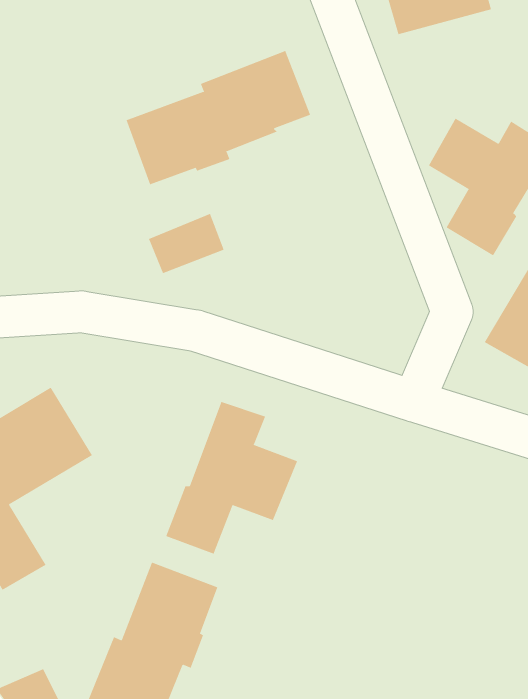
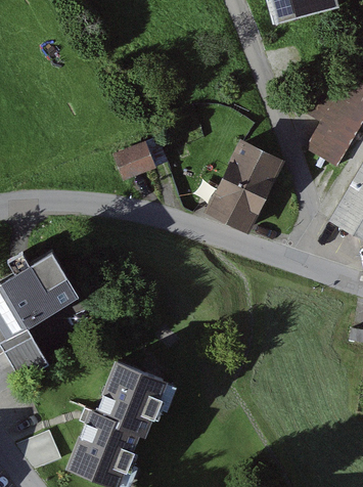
building: [126,50,311,185] -> none
building: none -> [210,143,280,230]
building: [165,401,298,555] -> none

